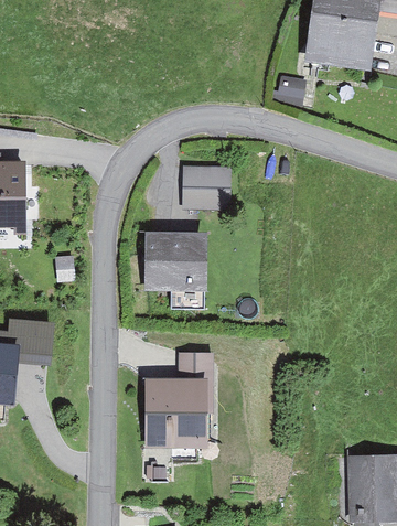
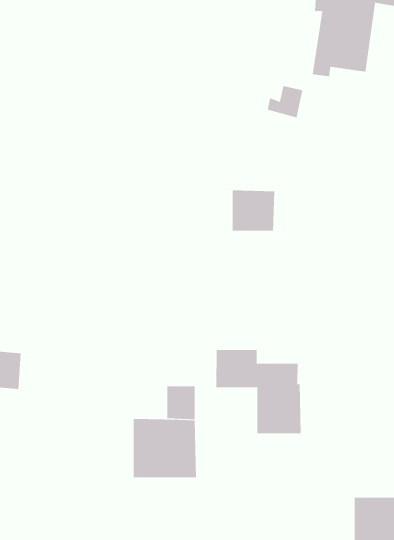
building: [189,171,228,208] -> [232,190,275,231]
building: [153,246,200,287] -> none
building: none -> [216,349,301,434]

